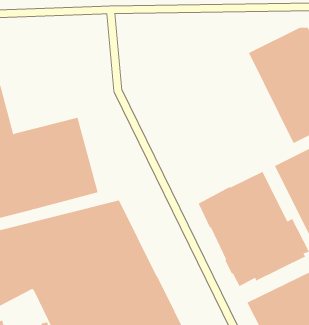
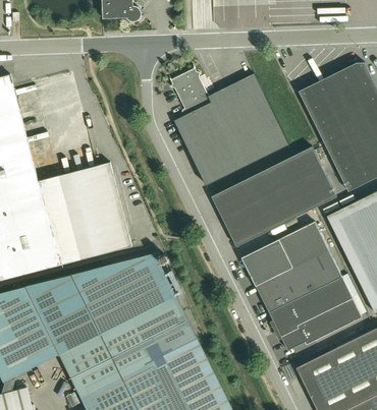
building: none -> [171,69,288,184]
building: none -> [211,145,336,246]

